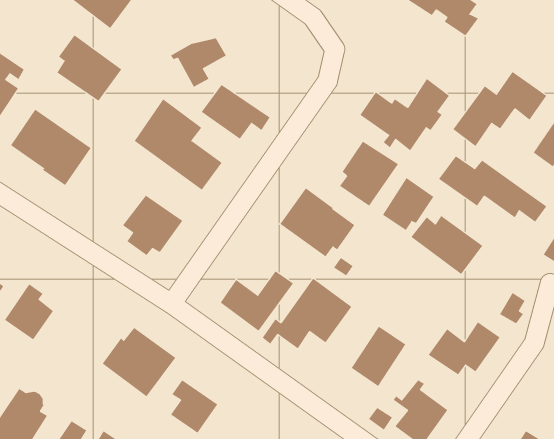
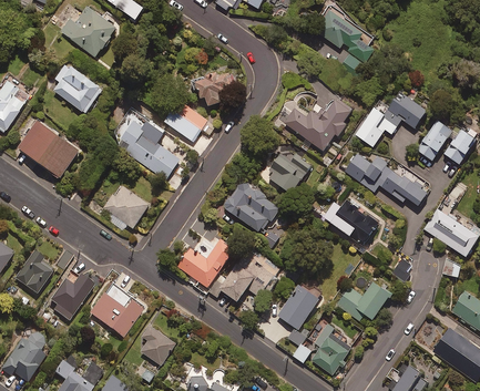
building: [170,38,227,87] -> [192,69,235,106]
building: [382,177,434,231] -> none
building: none -> [50,276,95,322]

